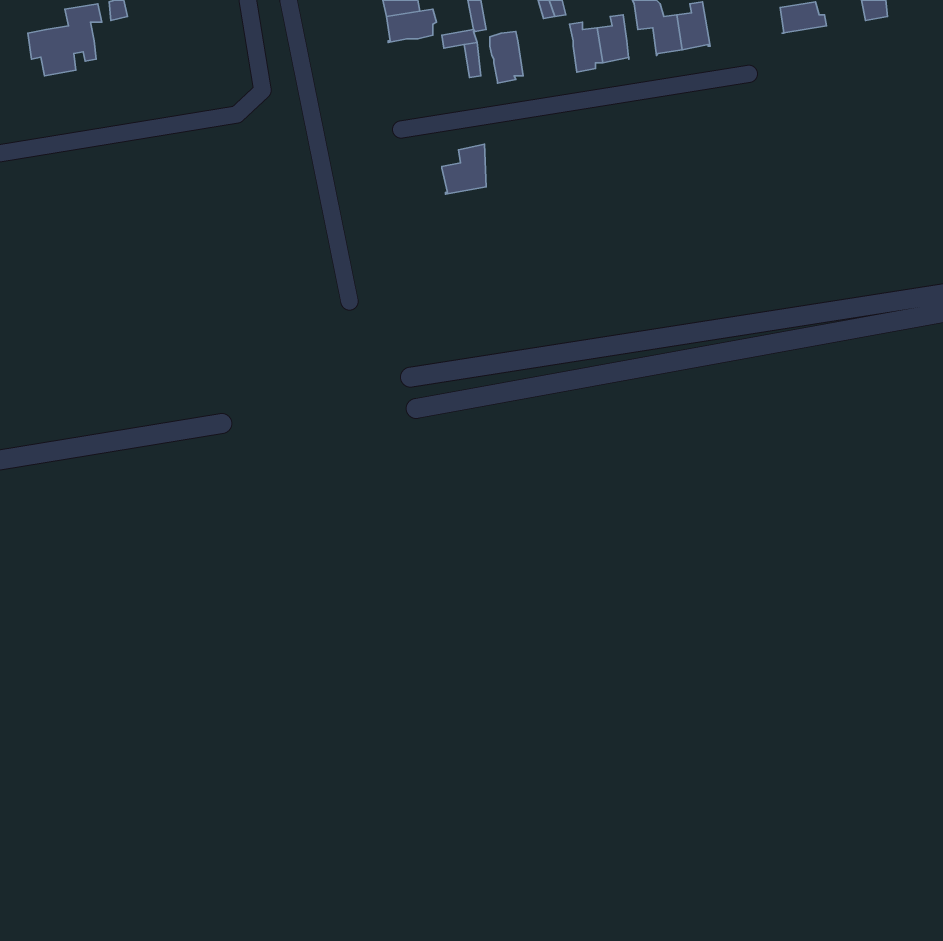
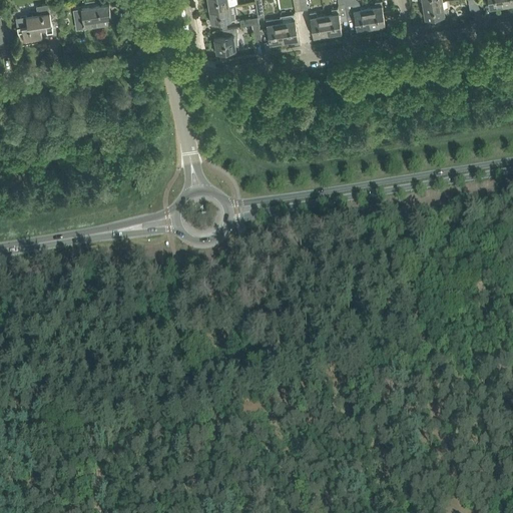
building: none -> [74,6,110,29]
building: none -> [280,15,298,43]
building: [442,144,486,194] -> [213,28,237,55]

